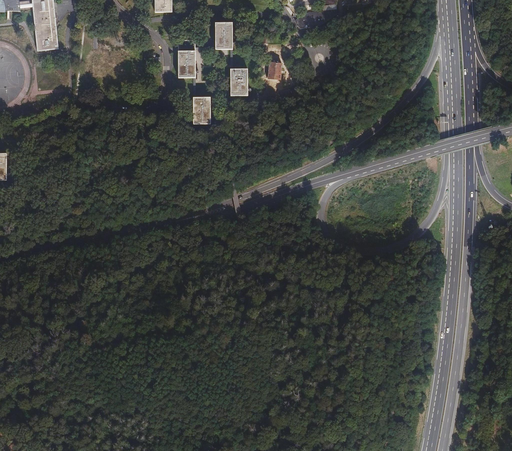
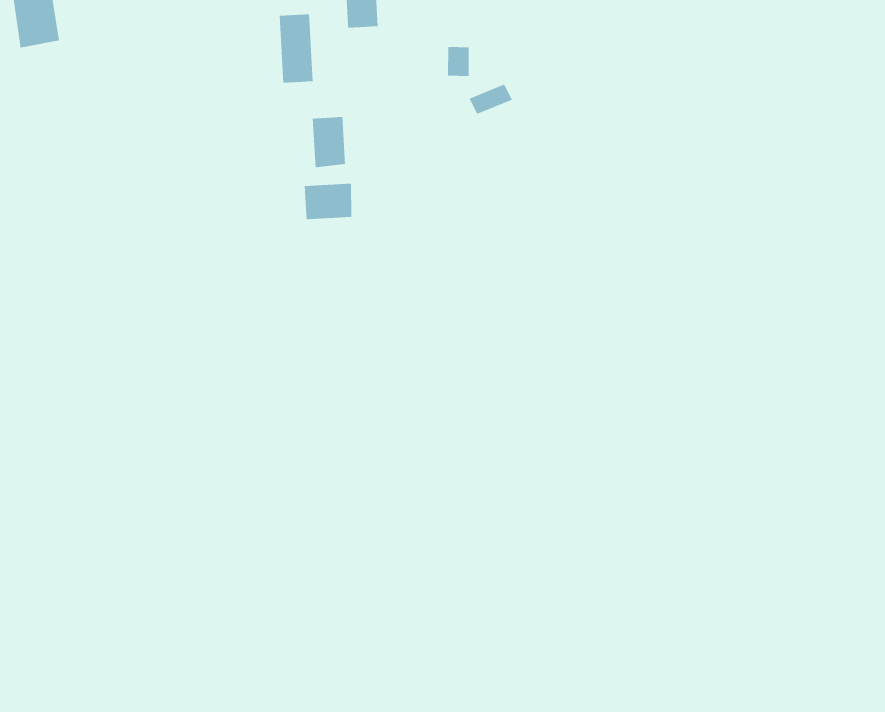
building: [230,69,247,95] -> none
building: none -> [304,183,352,220]

